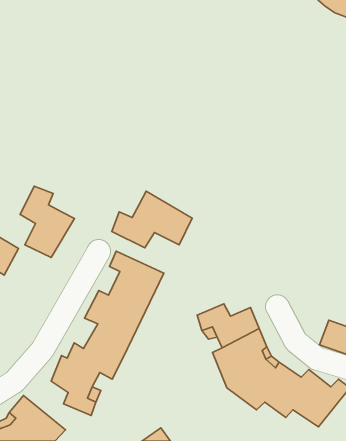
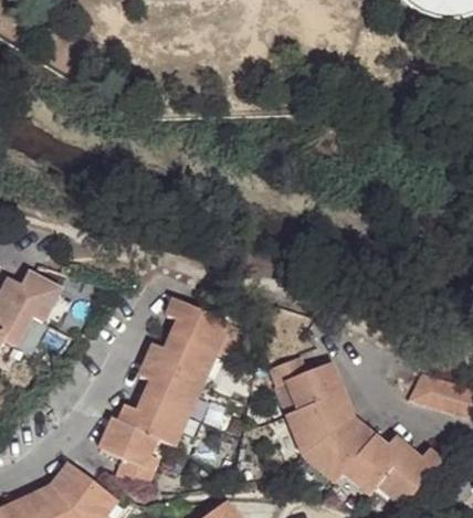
building: [20,186,75,257] -> none
building: [112,191,192,248] -> none

